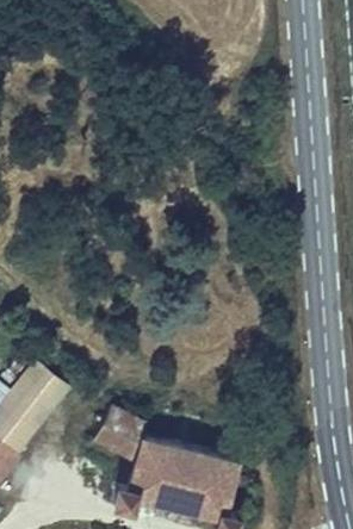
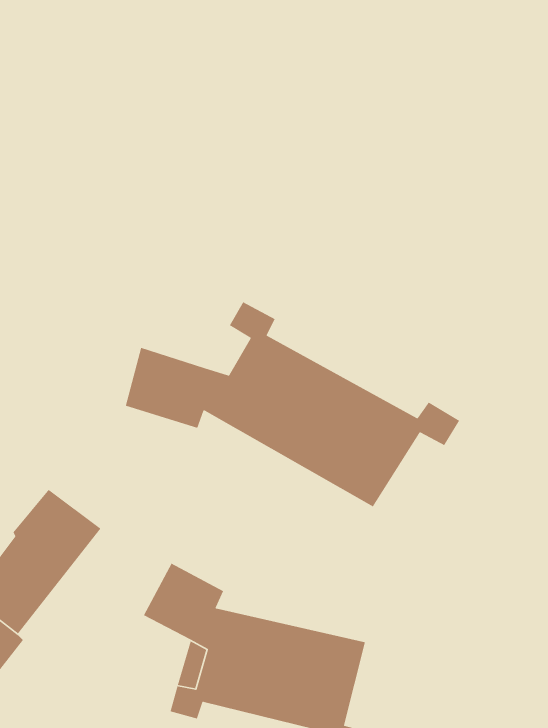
building: none -> [125,301,460,507]

